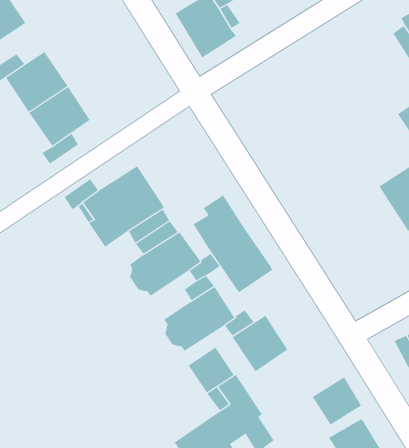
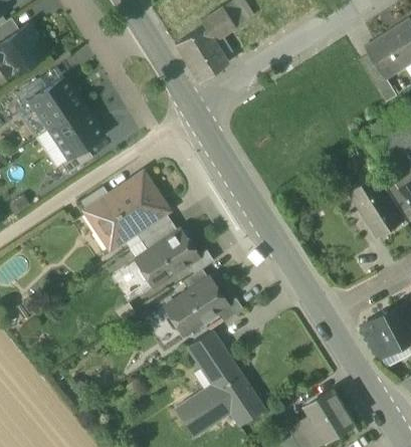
building: [193,195,273,293] -> none
building: [232,315,288,372] -> none
building: [312,376,362,425] -> none

